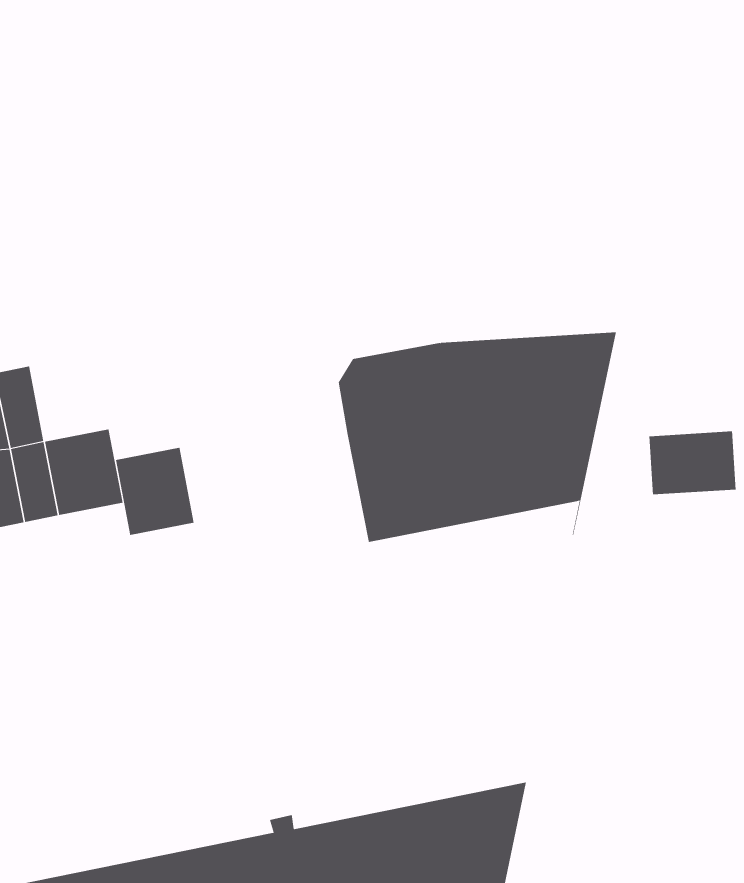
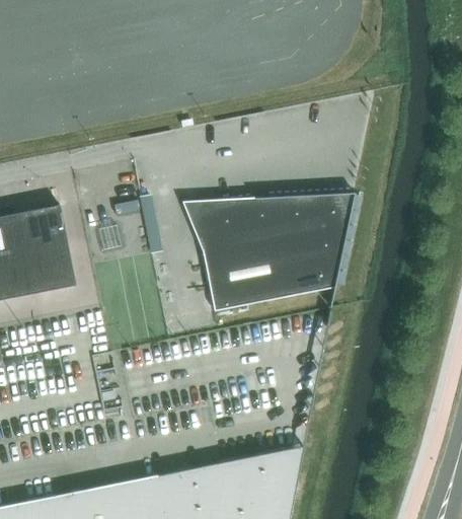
building: [649,431,736,495] -> none
building: [115,447,194,535] -> [22,205,67,254]

